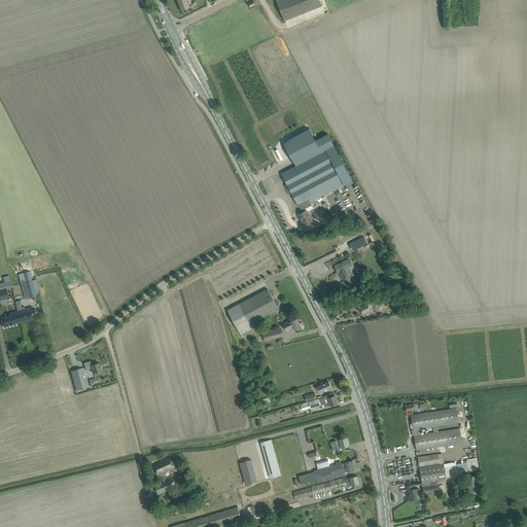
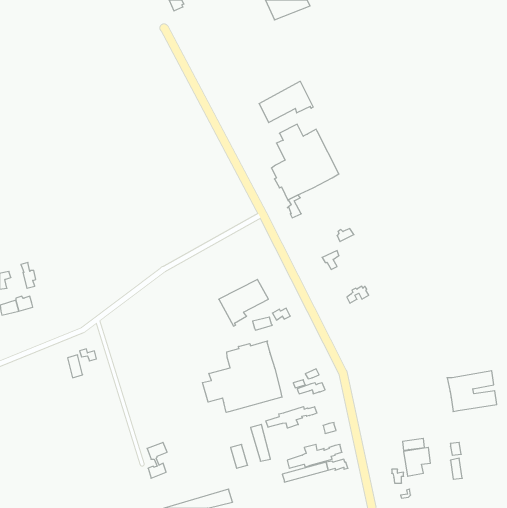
building: none -> [259,81,313,123]
building: none -> [202,341,282,412]
building: [410,408,461,450] -> [447,371,497,412]
building: none -> [266,407,317,428]

